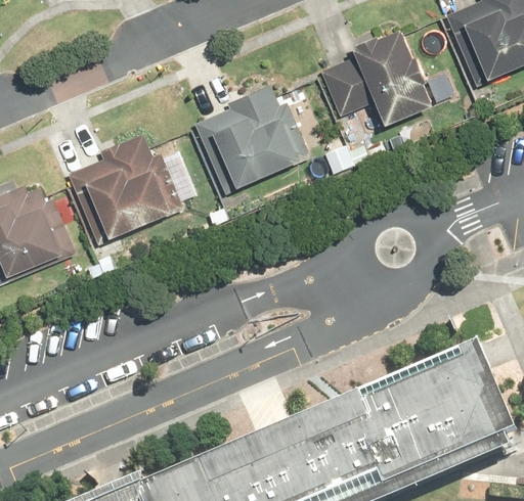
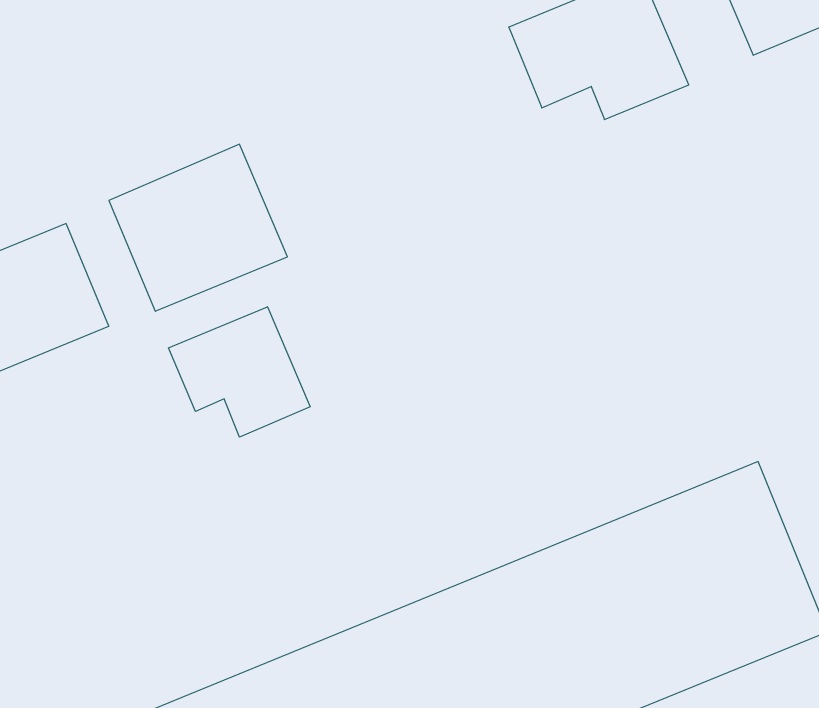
building: [196,95,310,192] -> none
building: none -> [168,307,310,437]

